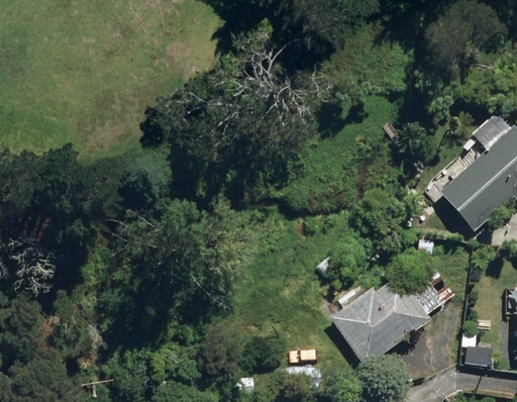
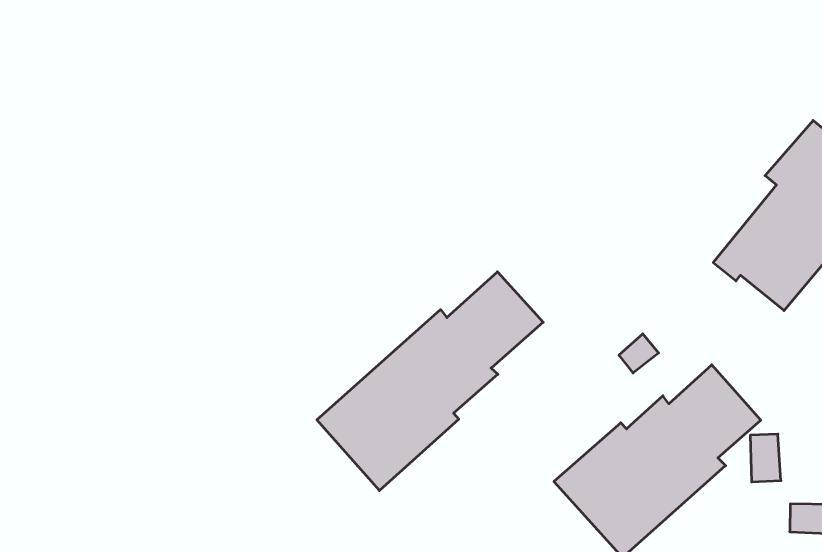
building: none -> [317,272,543,491]

